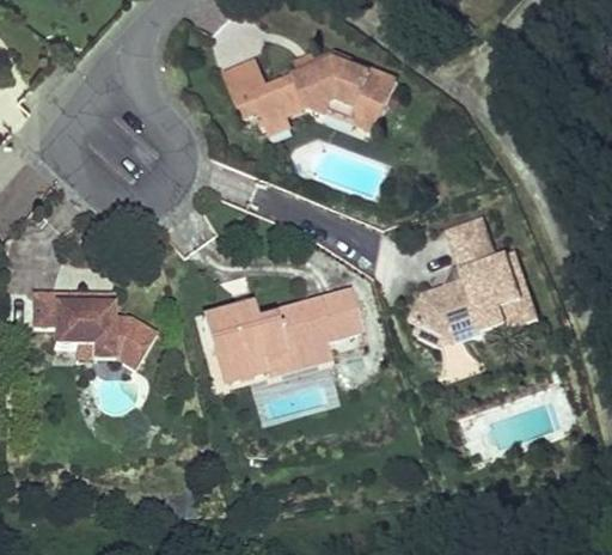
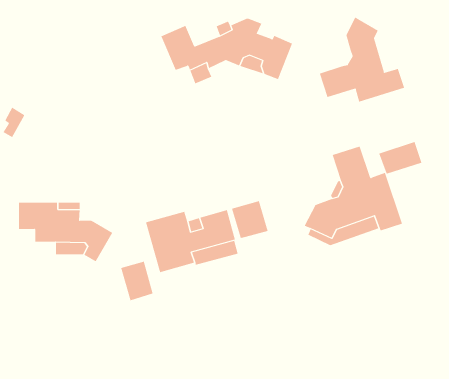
building: none -> [319,17,405,102]
building: none -> [378,141,422,174]
building: none -> [121,261,153,301]

